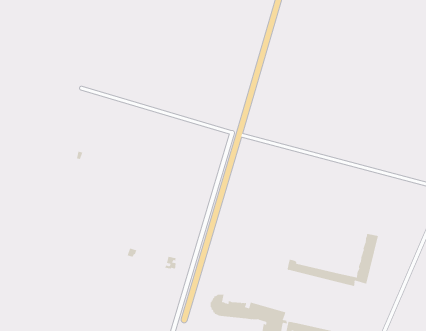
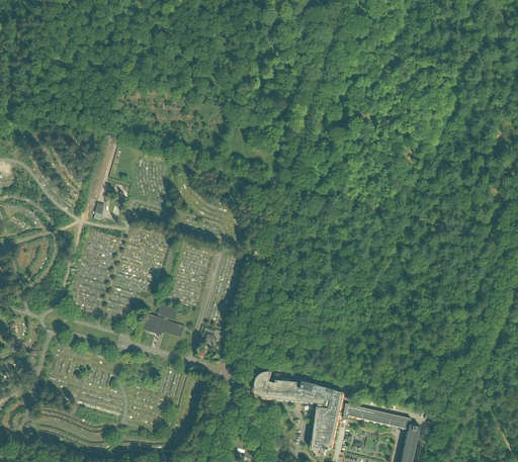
building: [286,233,378,287] -> none

